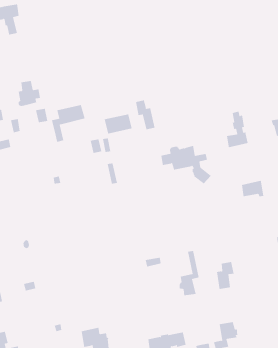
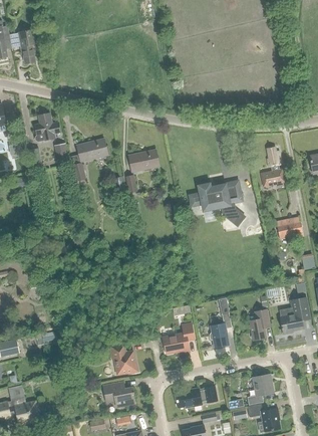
building: [136,100,155,130] -> none
building: none -> [280,297,310,334]
building: none -> [162,322,195,354]
building: none -> [109,344,137,374]

